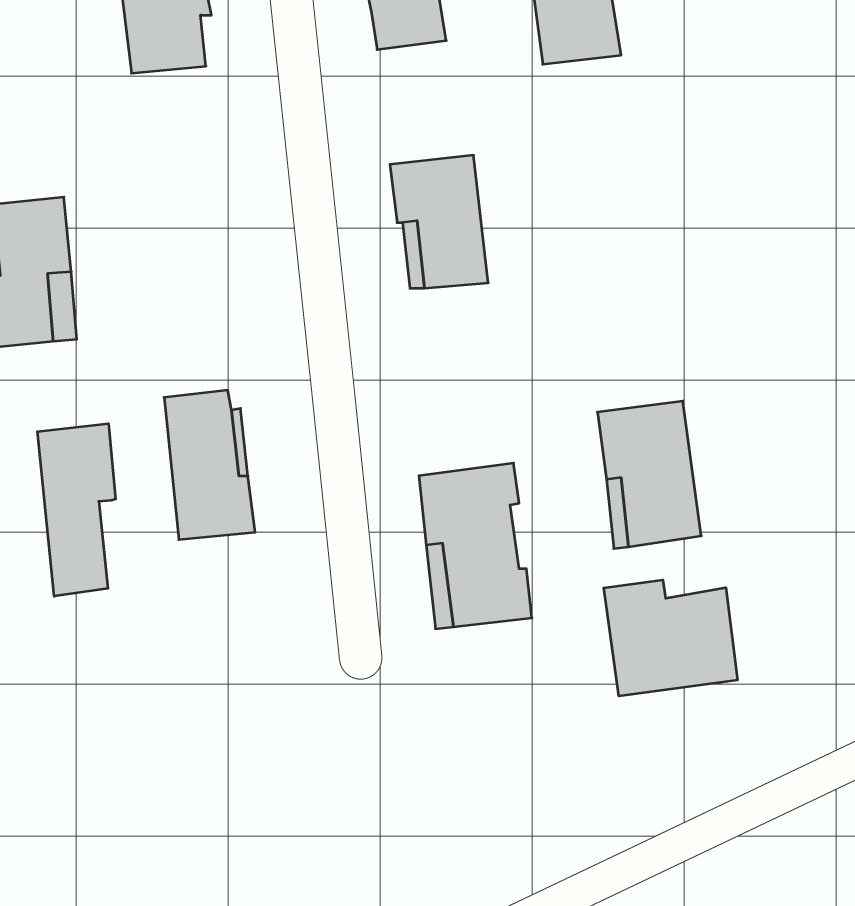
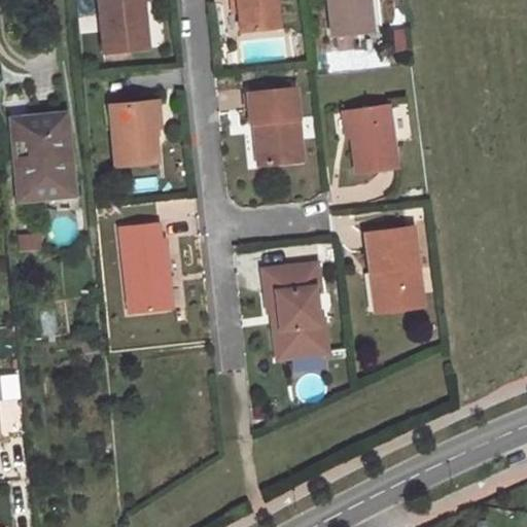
building: none -> [109,98,157,159]
building: none -> [349,104,407,170]
building: [37,424,116,596] -> none
building: [604,580,737,696] -> none

